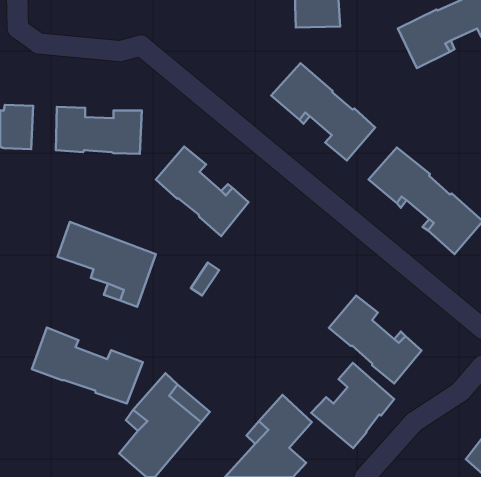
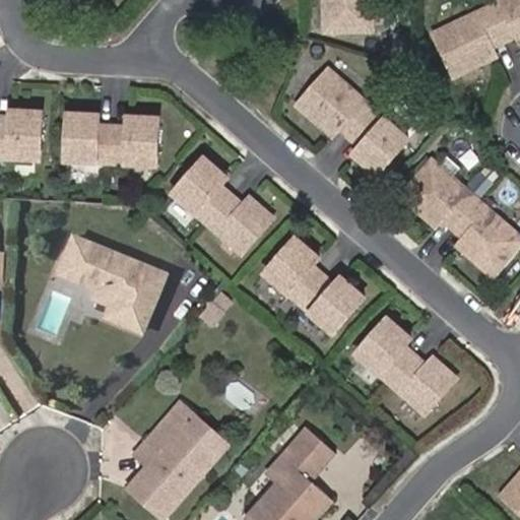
building: none -> [262,238,364,332]
building: [32,327,143,403] -> none
building: [311,363,394,448] -> none

